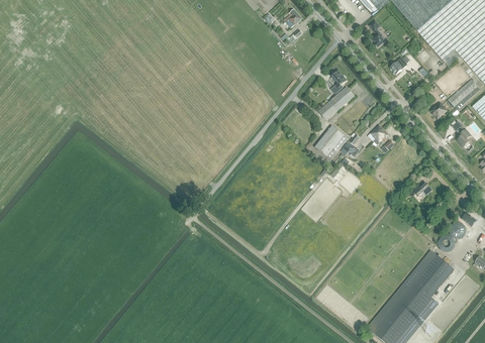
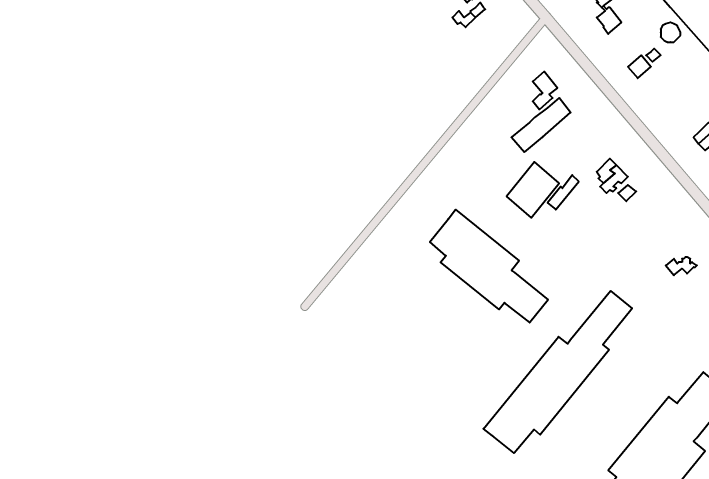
building: none -> [430,210,548,323]
building: none -> [483,291,632,453]

